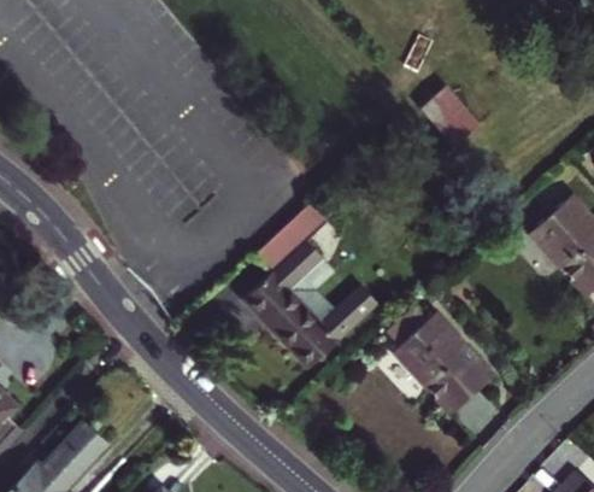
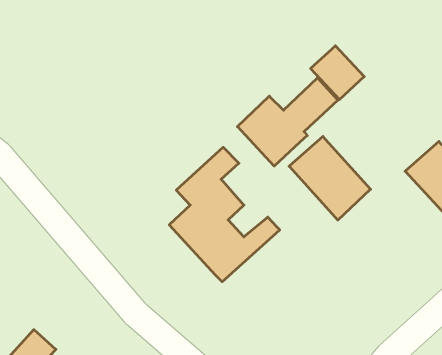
building: none -> [237,78,338,166]
building: [394,312,493,414] -> [289,136,371,220]

